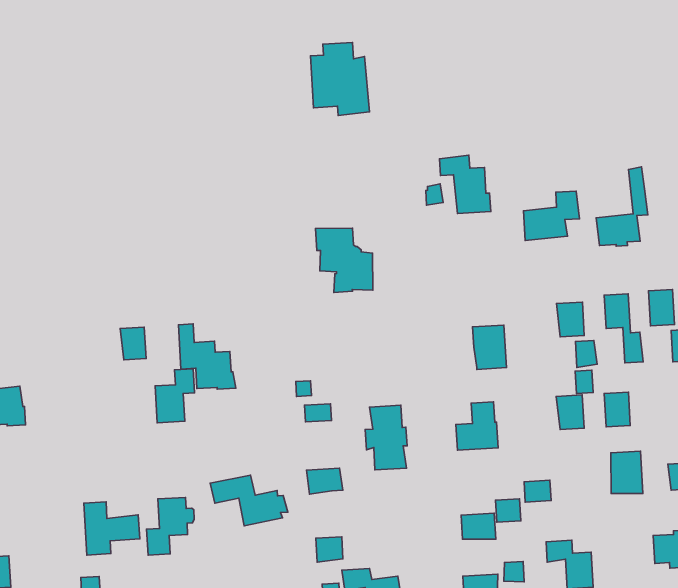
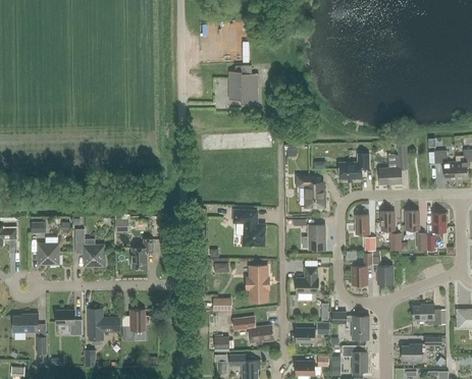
building: [439,155,491,213] -> [298,175,324,207]
building: [315,228,373,292] -> [233,210,264,246]
building: [178,324,236,389] -> [75,229,105,266]
building: [611,451,643,494] -> [351,316,368,339]
building: [210,475,288,526] -> [231,316,273,343]
building: none -> [56,311,82,335]

